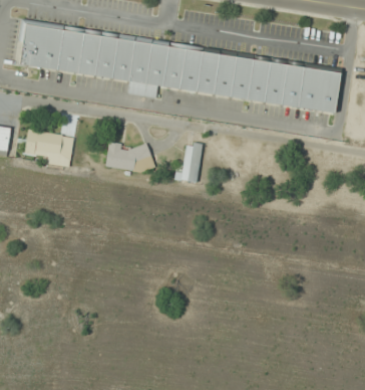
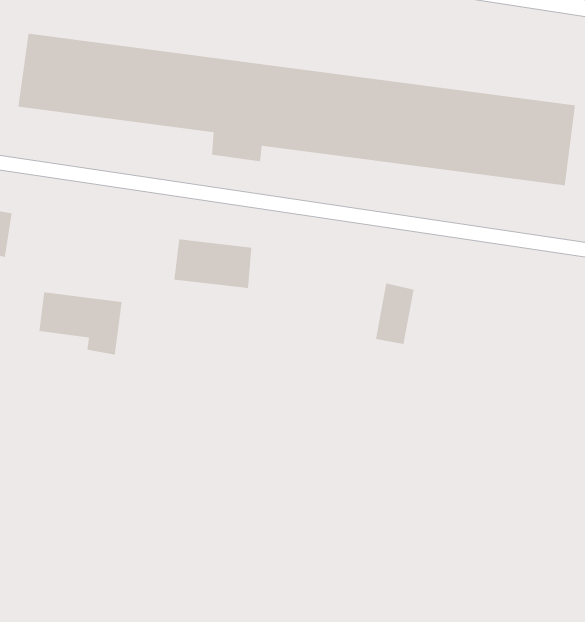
building: [24,130,73,167] -> [38,292,122,355]
building: [180,148,204,184] -> [375,283,414,344]

